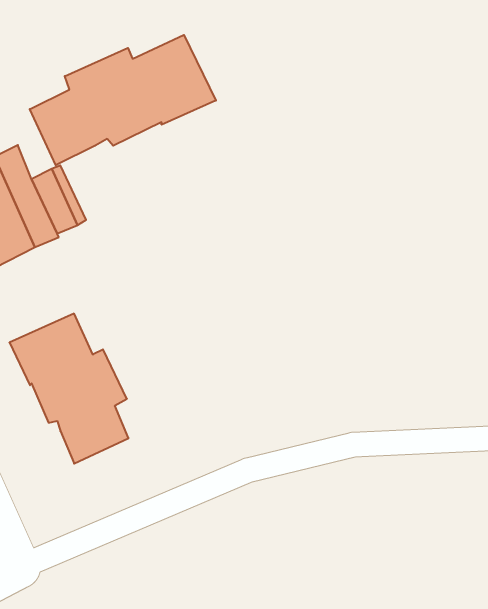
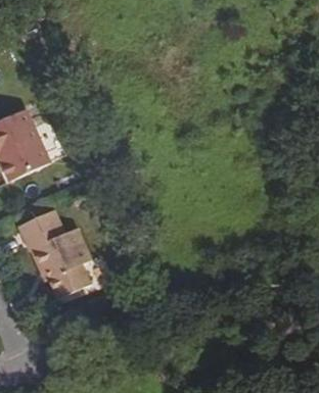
building: [30,35,216,165] -> none

